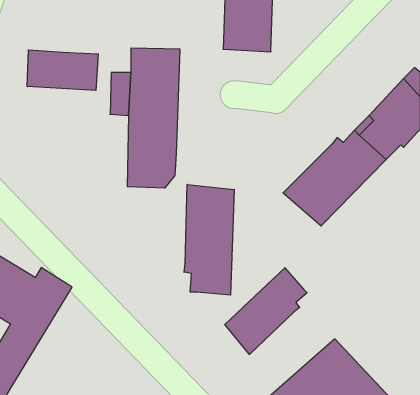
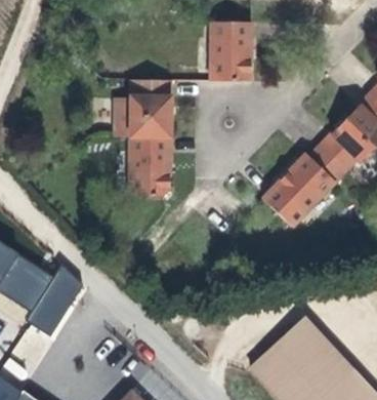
building: [27,50,98,90] -> none
building: [184,184,234,295] -> none
building: [225,268,307,354] -> none

